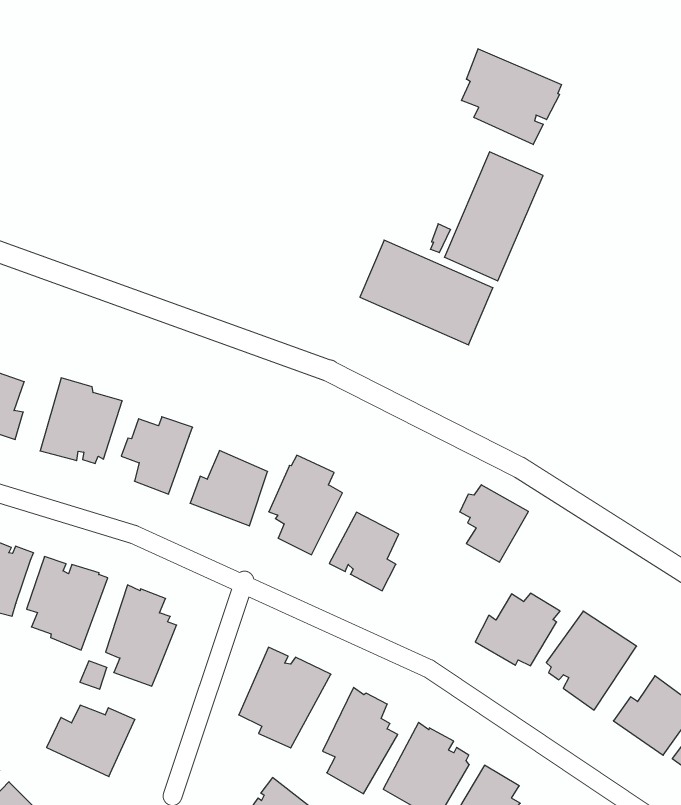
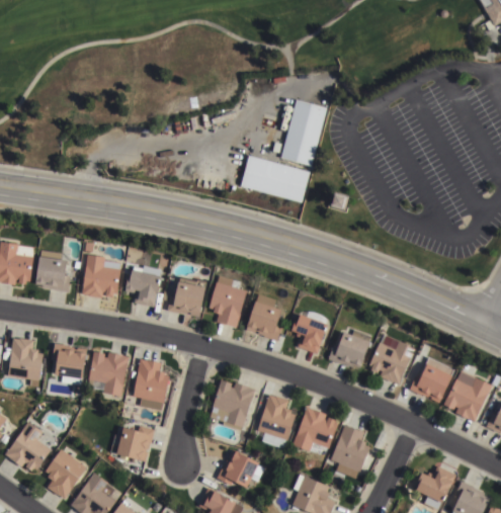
building: [462,49,561,145] -> none
building: [460,485,528,562] -> [291,314,328,353]

